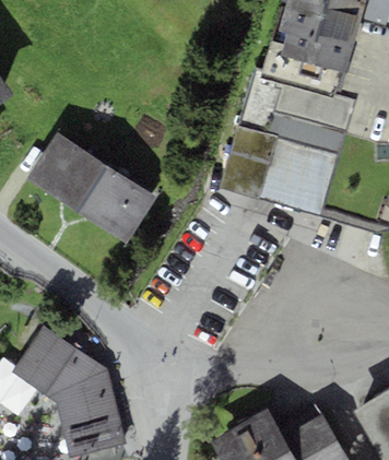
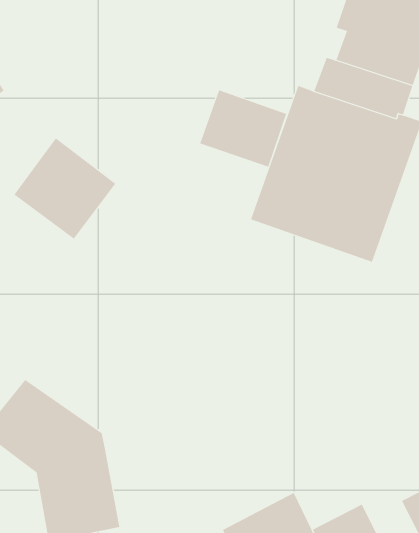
building: none -> [199,89,287,167]
building: [76,165,156,244] -> none

